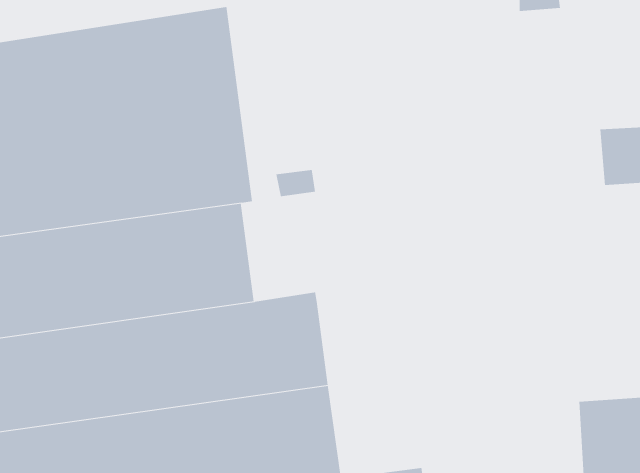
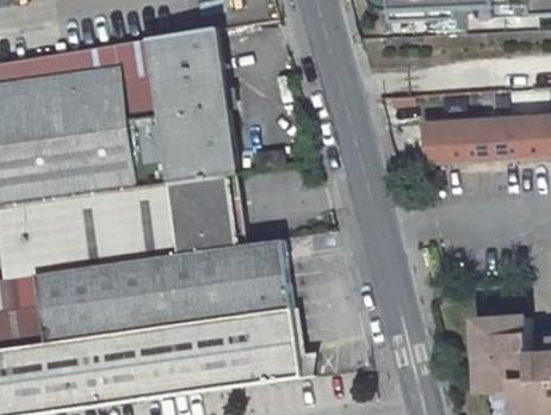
building: none -> [420,119,495,165]

